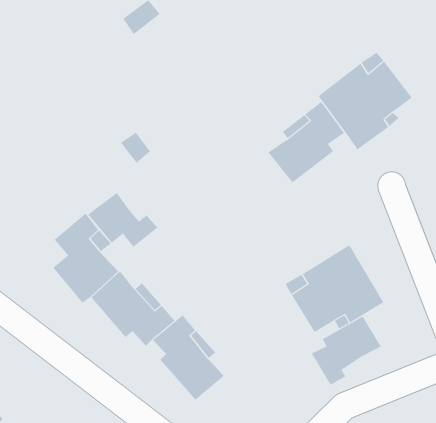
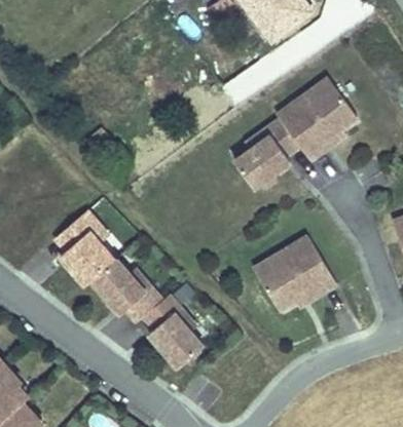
building: [88,192,158,248] -> none
building: [311,316,382,386] -> none

